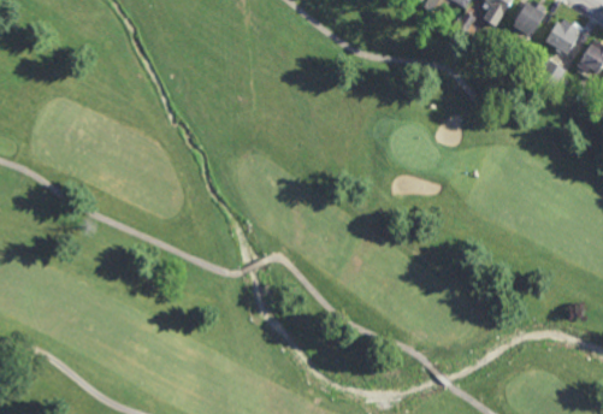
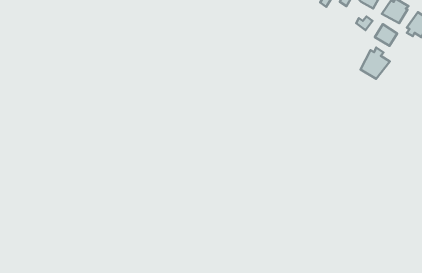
building: none -> [361,48,390,79]

